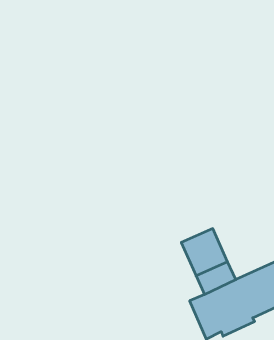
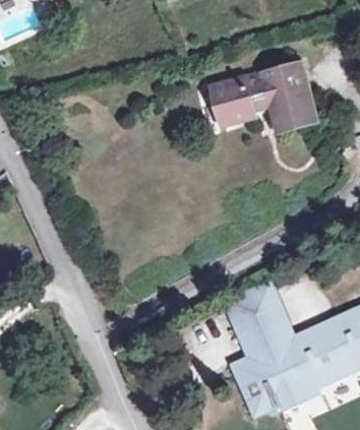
building: none -> [212,62,313,126]

